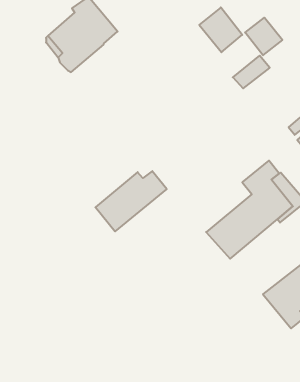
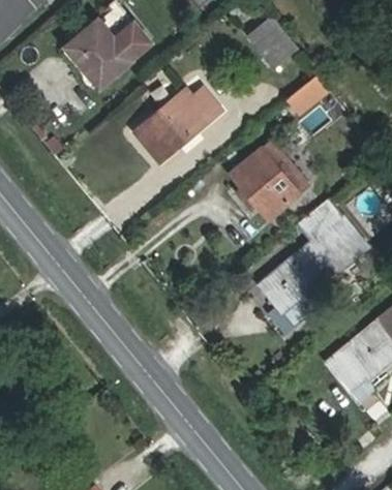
building: [245,18,282,55] -> none
building: none -> [232,143,308,219]
building: [95,171,167,231] -> [135,90,221,162]

